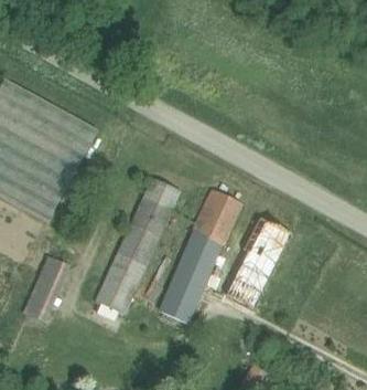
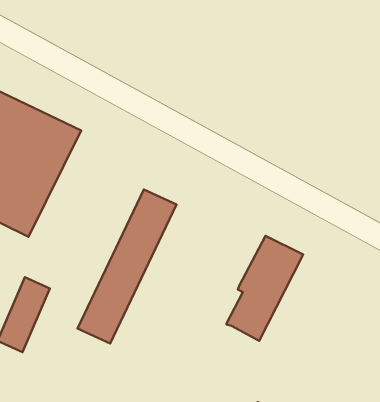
building: [155,190,241,325] -> none

